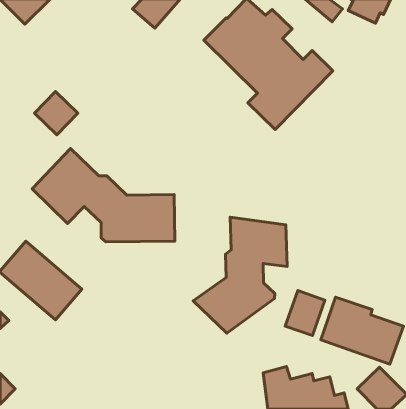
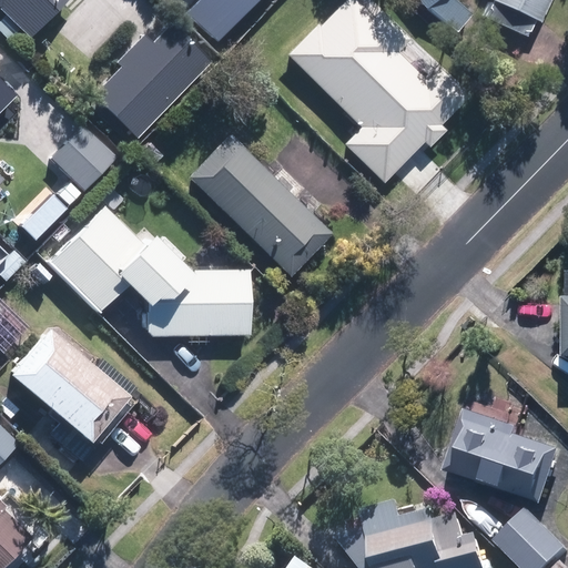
building: none -> [102,22,219,134]
building: none -> [187,136,328,275]
building: [193,217,287,333] -> none
building: [285,291,325,336] -> none

